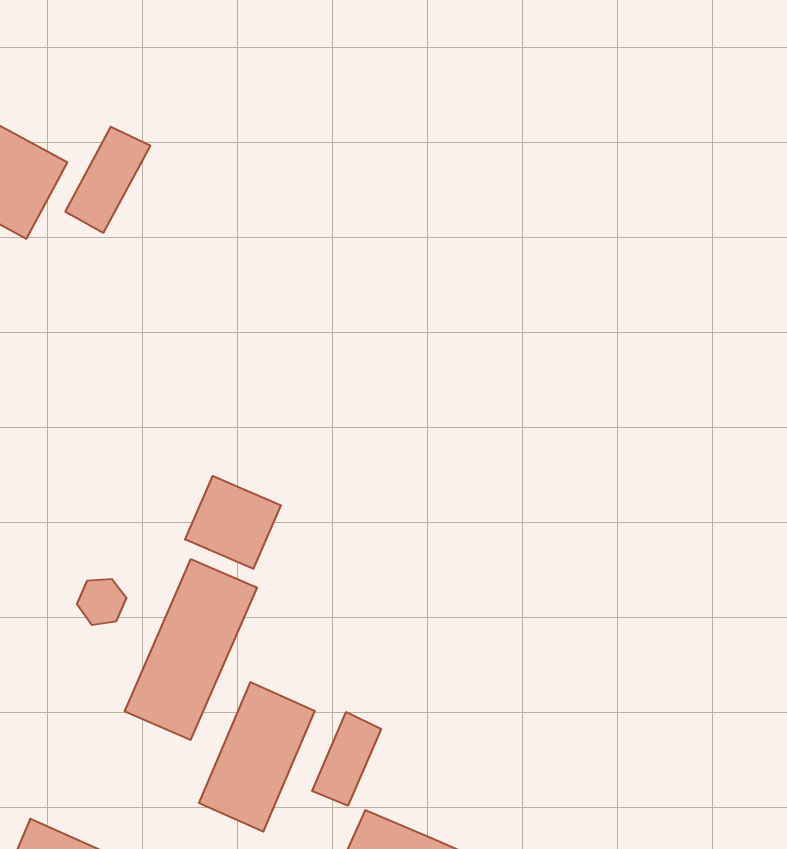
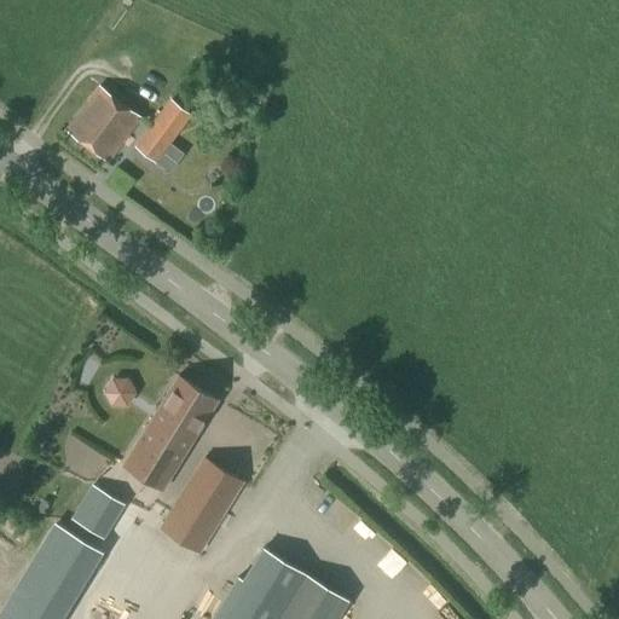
building: [185,476,281,569] -> none
building: [312,712,381,806] -> none
building: none -> [73,486,118,534]

